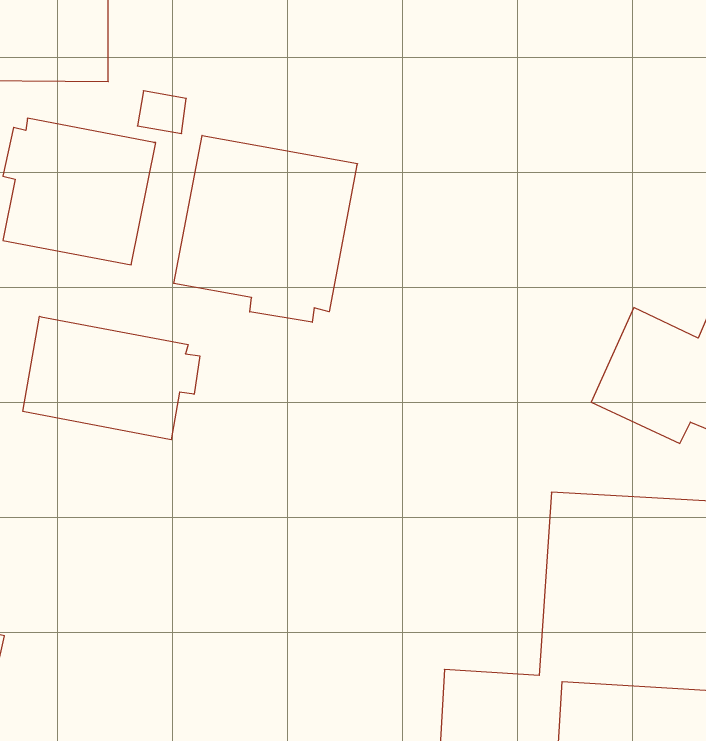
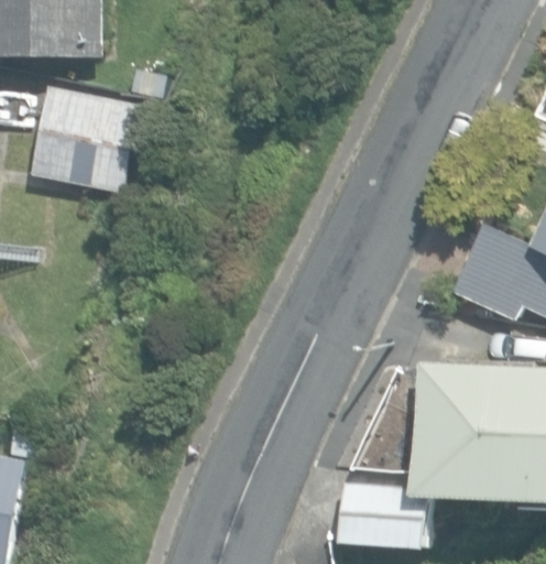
building: [174,135,357,322] -> none
building: [23,316,200,440] -> none

